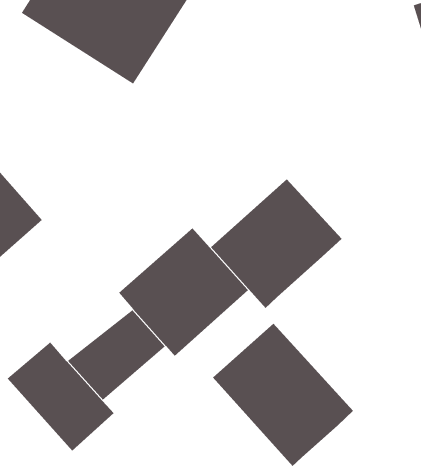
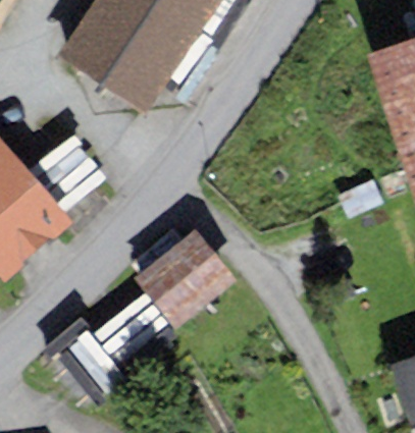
building: [210,178,342,309] -> none
building: [212,323,354,467] -> none

